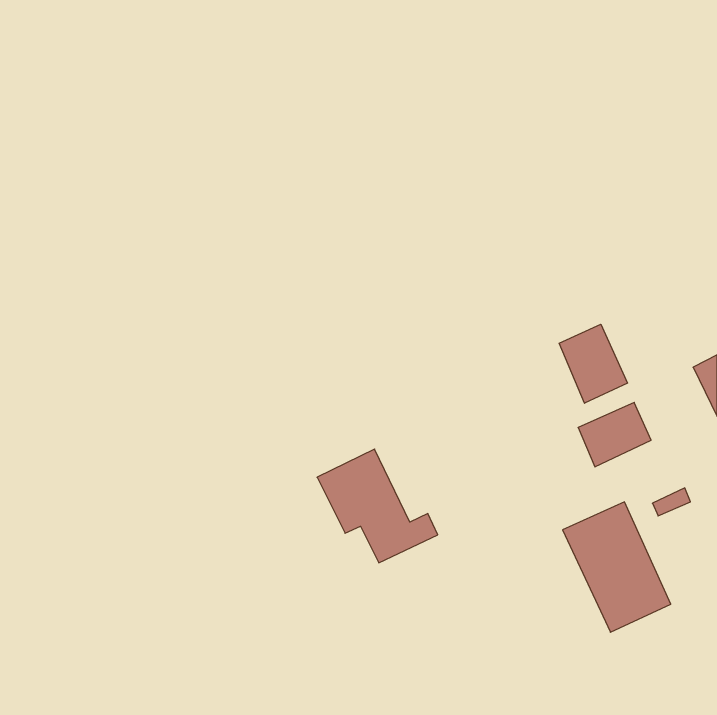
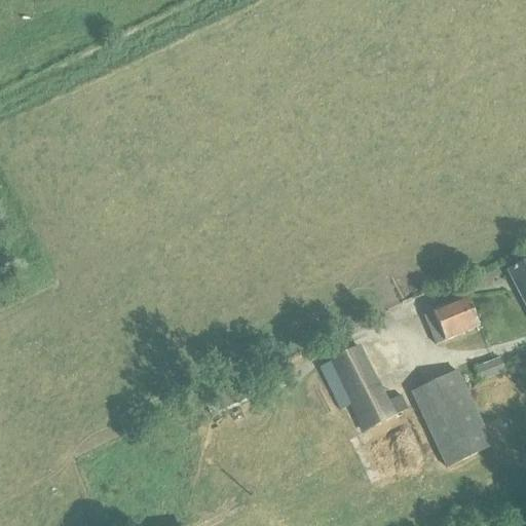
building: [559,324,627,403] -> none
building: [317,449,438,563] -> [318,346,407,429]

